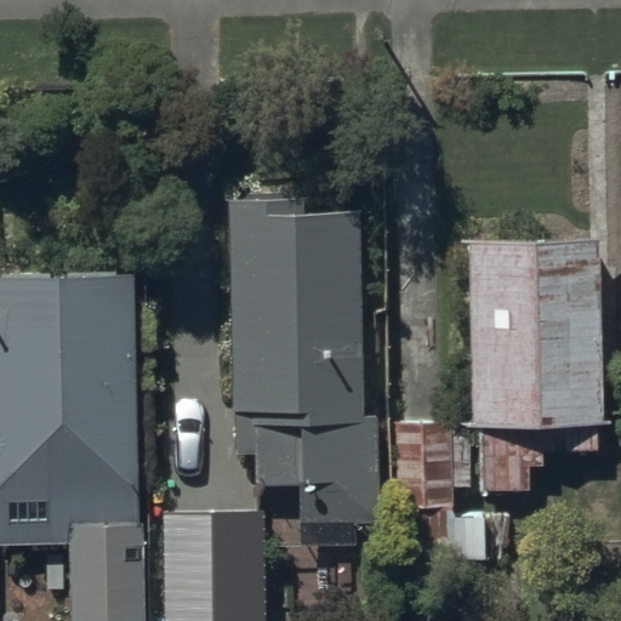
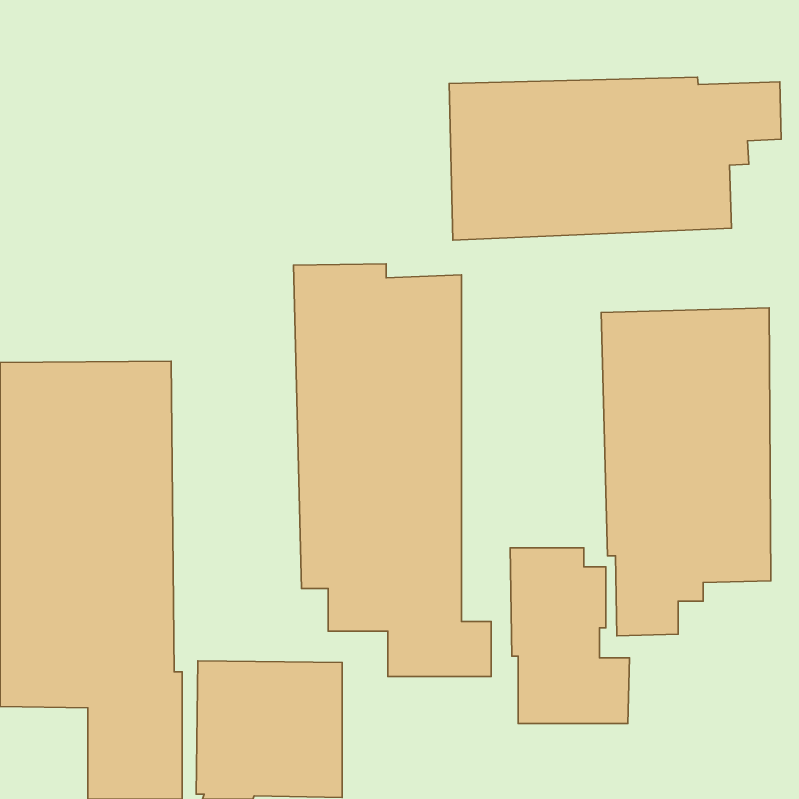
building: none -> [449,77,781,240]

